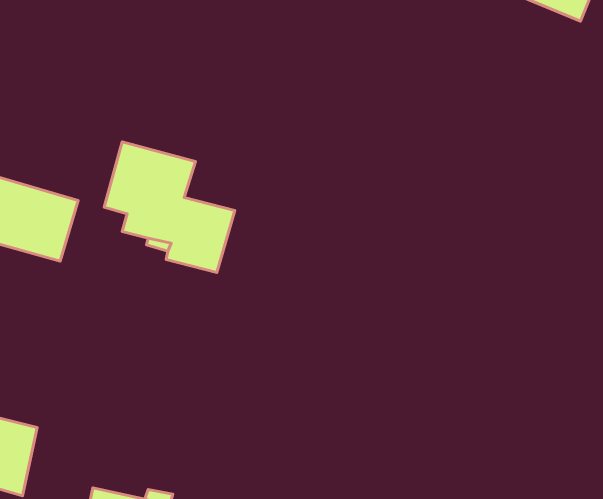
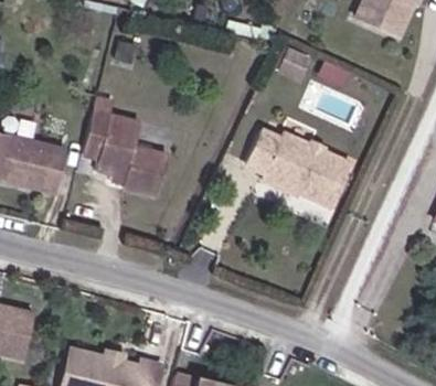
building: none -> [246,130,352,204]

